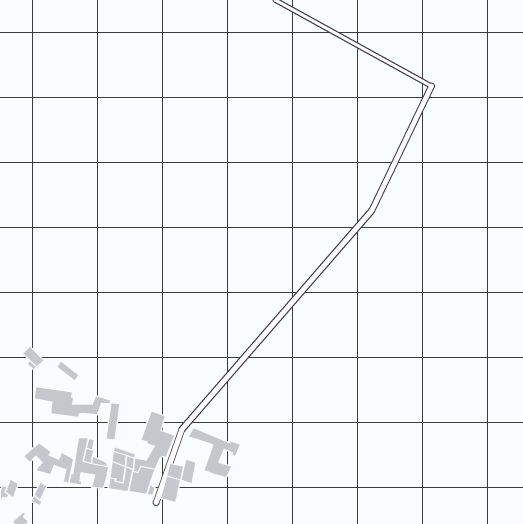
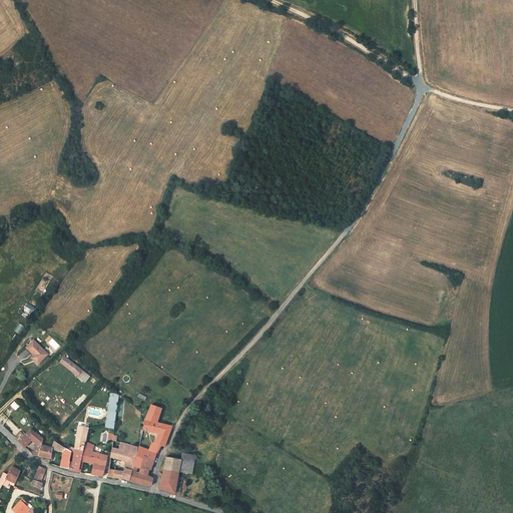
building: [34,387,111,418] -> none
building: [188,427,241,478] -> none

